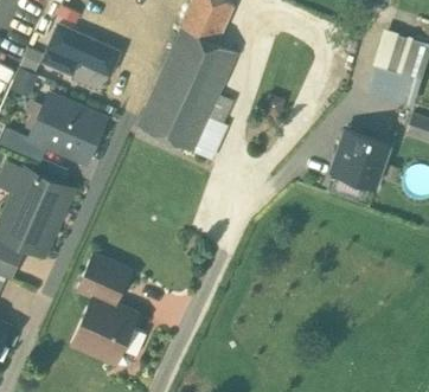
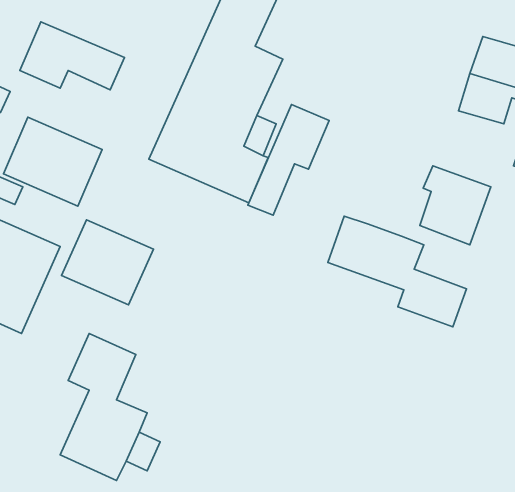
building: none -> [248,105,329,215]
building: none -> [328,216,467,327]
building: none -> [62,220,153,305]

